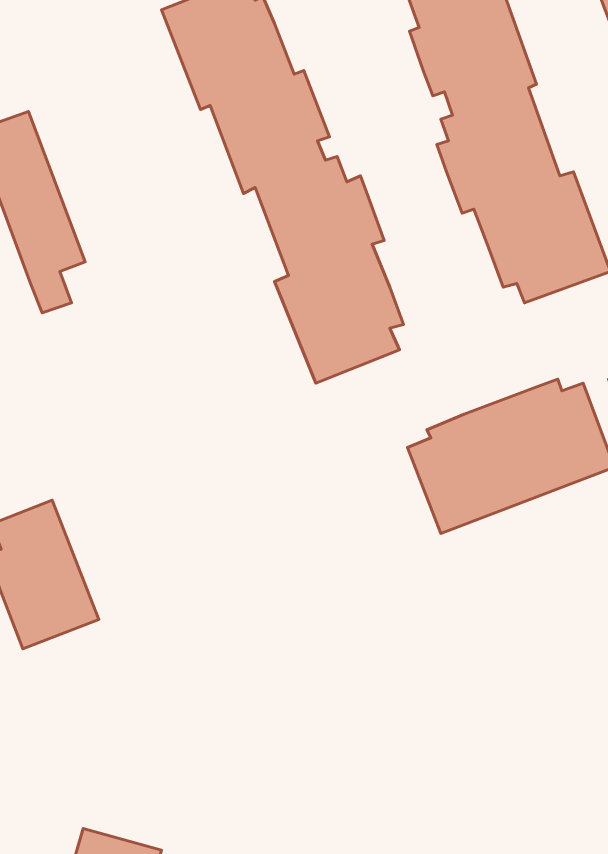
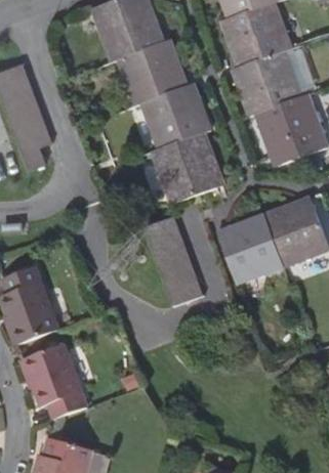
building: none -> [143,216,204,306]
building: none -> [17,343,87,418]

